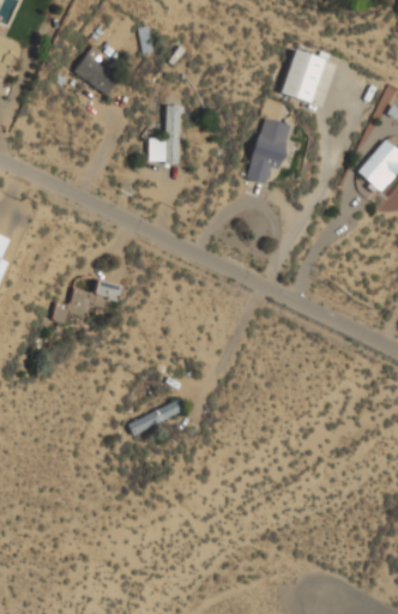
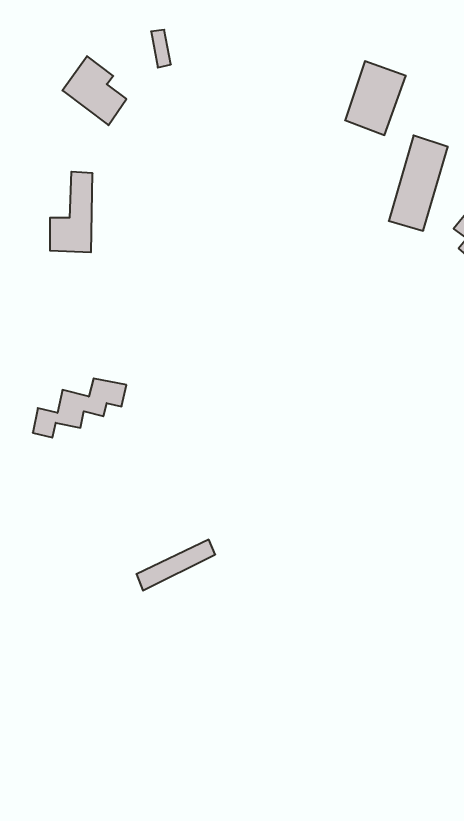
building: [150,103,181,162] -> [50,172,93,252]
building: [247,115,290,185] -> [389,135,448,231]

